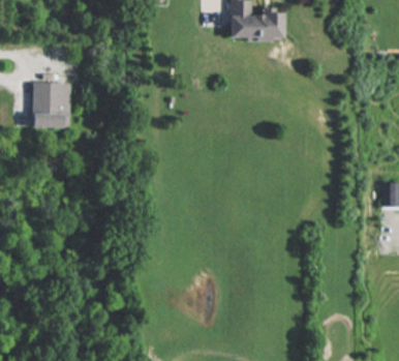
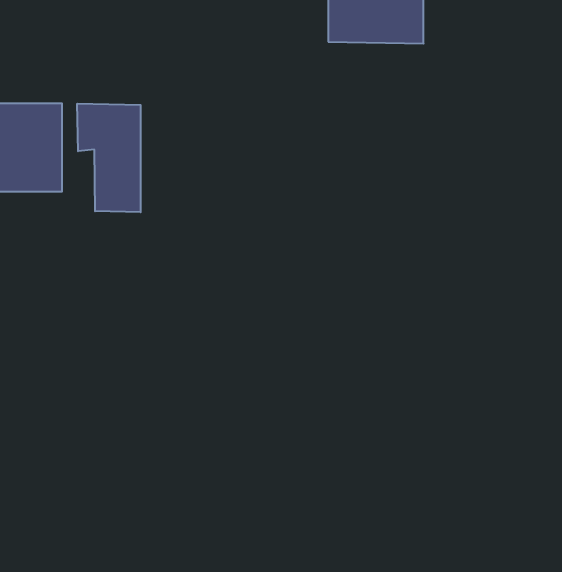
building: none -> [77,104,141,212]

